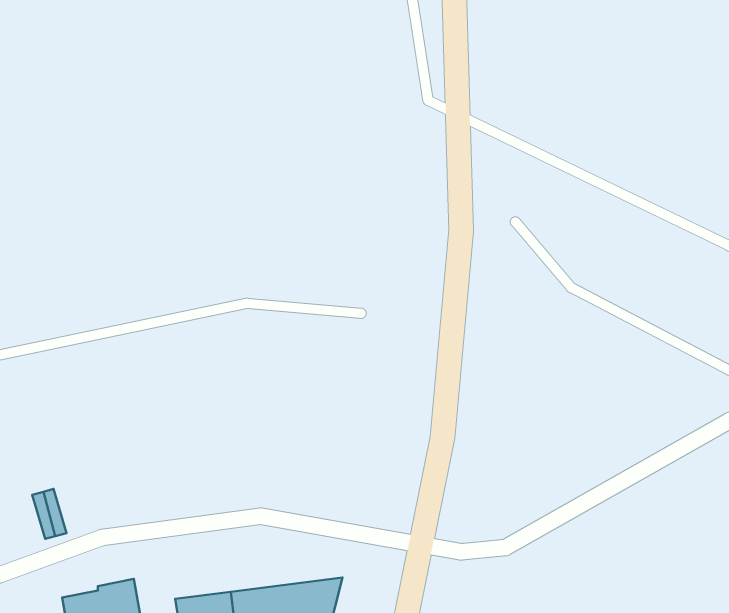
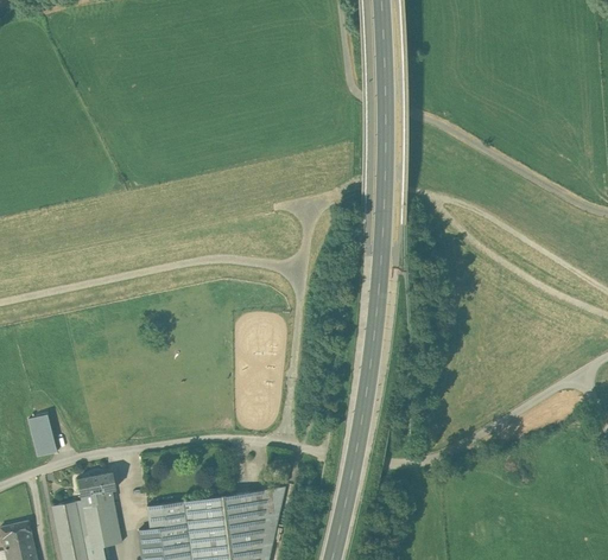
building: none -> [77,473,115,496]

